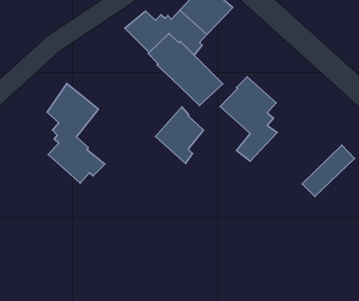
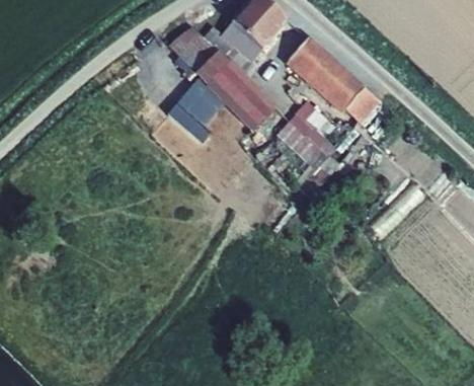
building: none -> [285,35,381,122]
building: [47,84,105,183] -> none
building: [156,107,203,164] -> [168,76,222,140]

